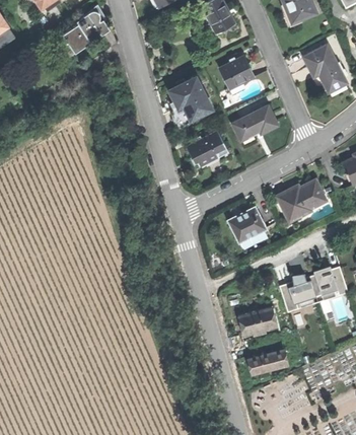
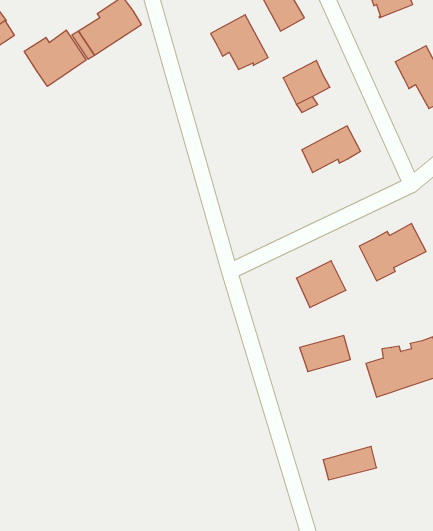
building: none -> [24,30,86,86]
building: [168,76,212,118] -> [211,15,268,70]
building: [186,132,227,166] -> none
building: [238,307,277,335] -> [300,336,350,372]

